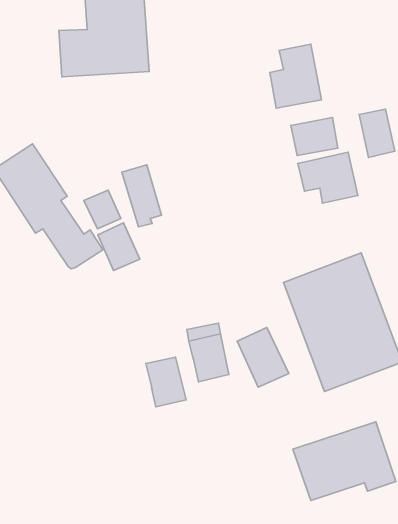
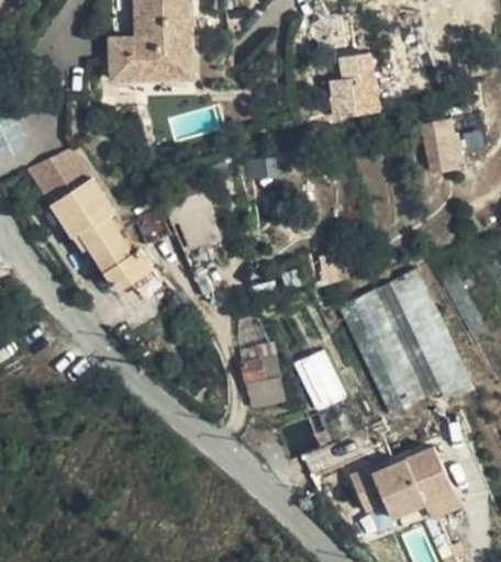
building: [291,118,338,155] -> none
building: [298,152,358,203] -> none
building: [98,223,140,271] -> none
building: [146,357,186,407] -> none

